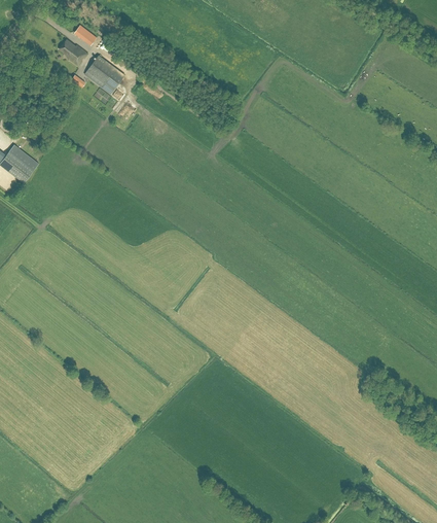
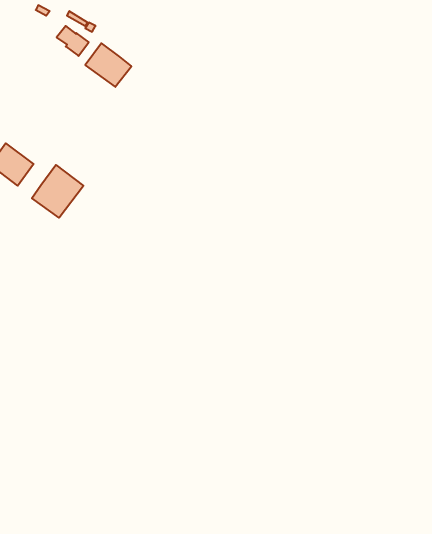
building: none -> [32,165,83,218]

